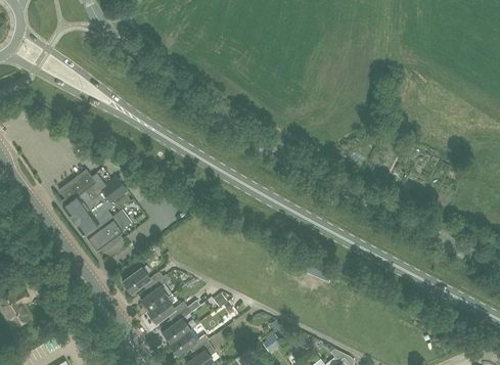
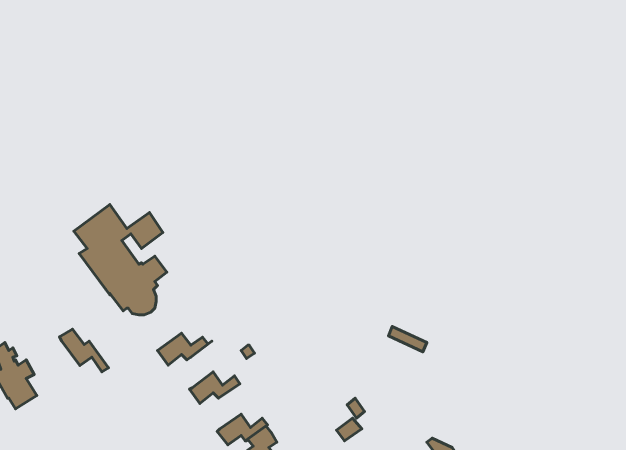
building: none -> [59,329,108,372]
building: [141,275,169,311] -> none
building: [163,308,190,343] -> none

